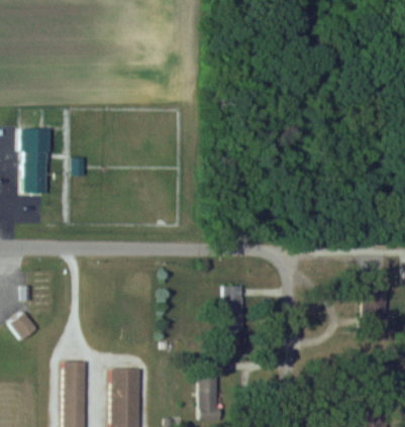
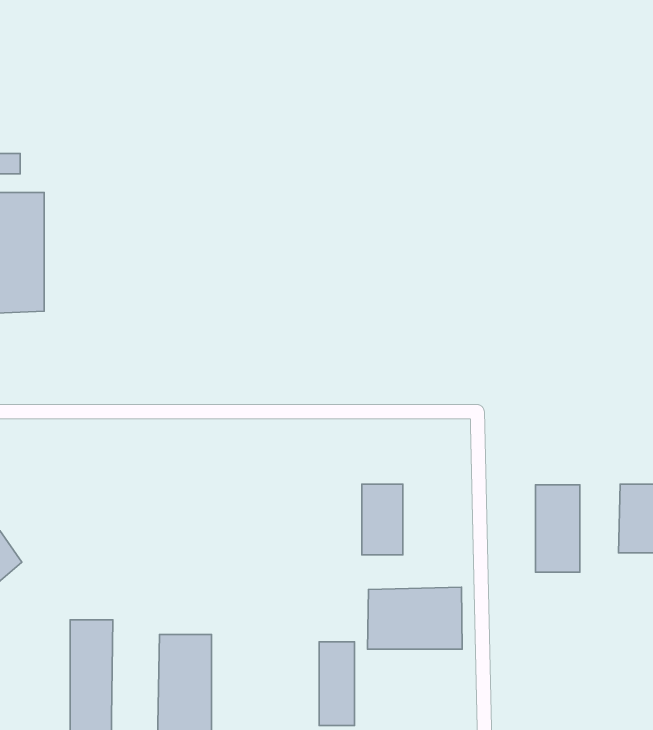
building: none -> [535,485,580,572]
building: none -> [368,587,462,649]

